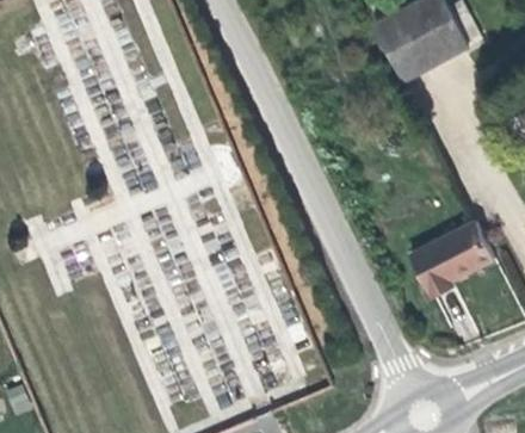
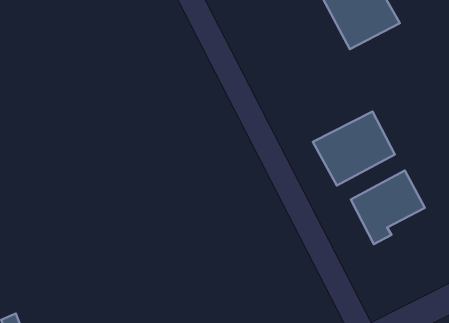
building: none -> [313,112,395,186]

